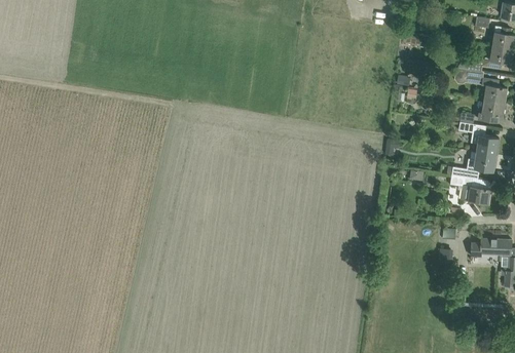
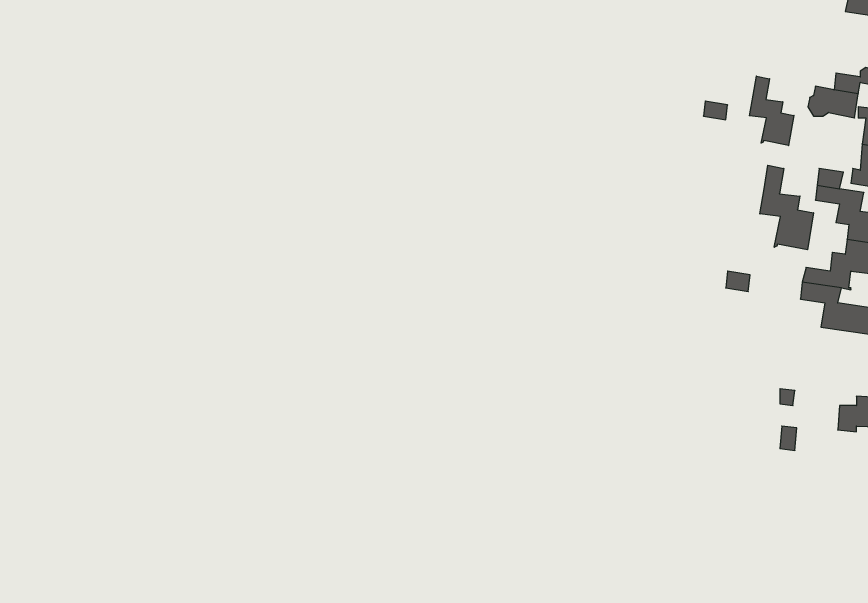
building: none -> [749,76,794,146]
building: none -> [760,165,813,250]

